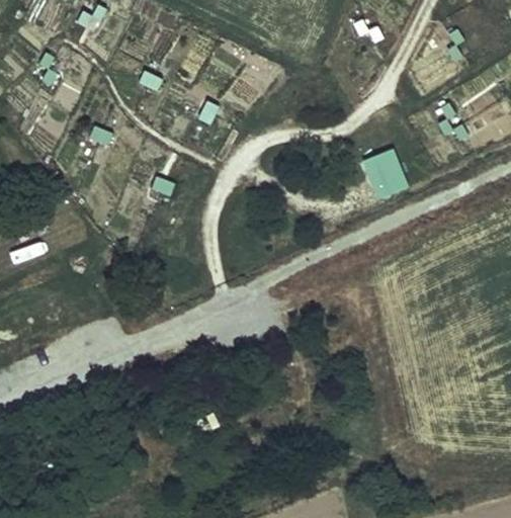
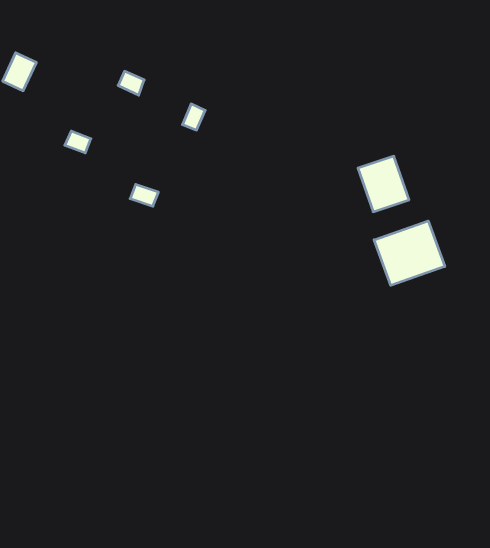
building: none -> [374,221,445,285]

